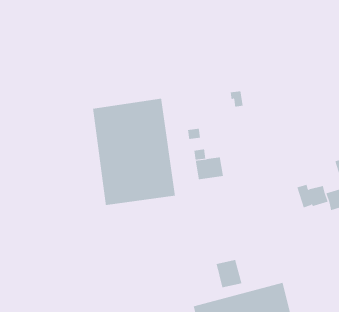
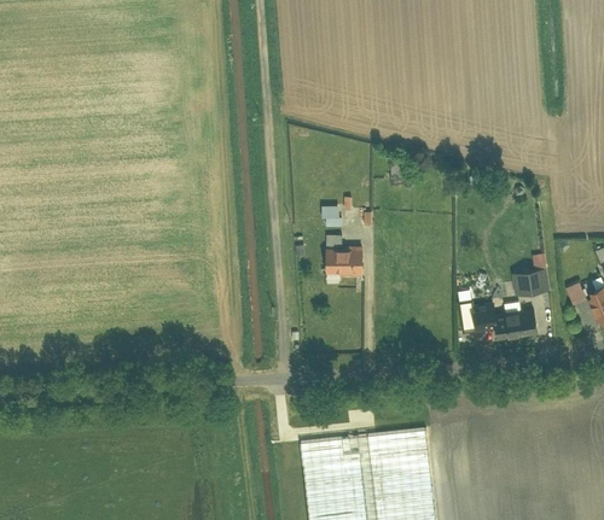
building: [92,98,175,206] -> none
building: [216,259,242,288] -> none

